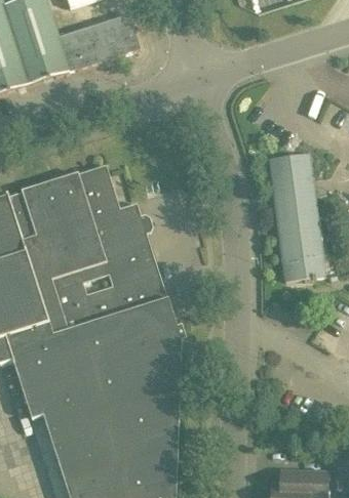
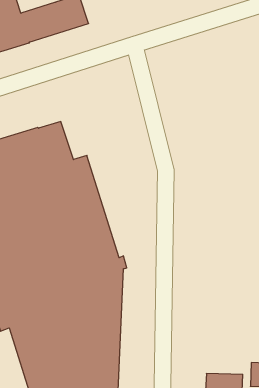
building: [269,153,327,281] -> none

